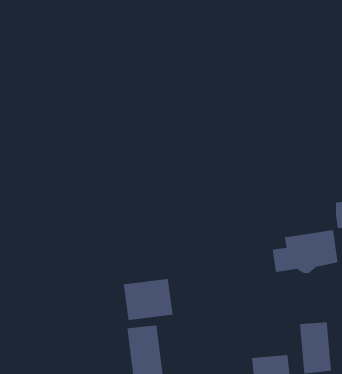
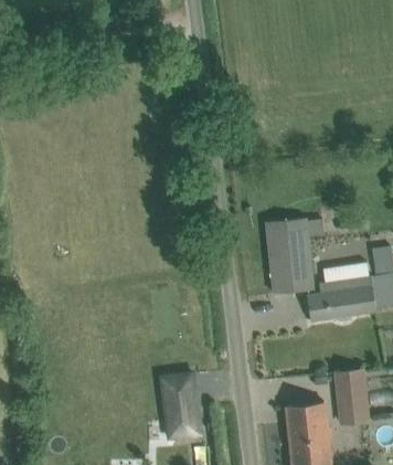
building: none -> [266,219,322,295]
building: [123,278,173,321] -> none

